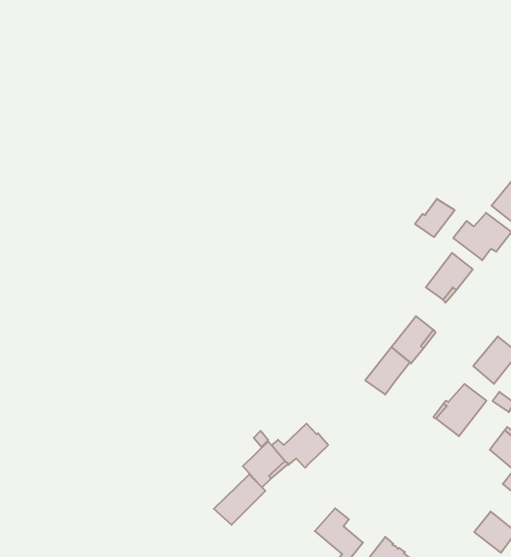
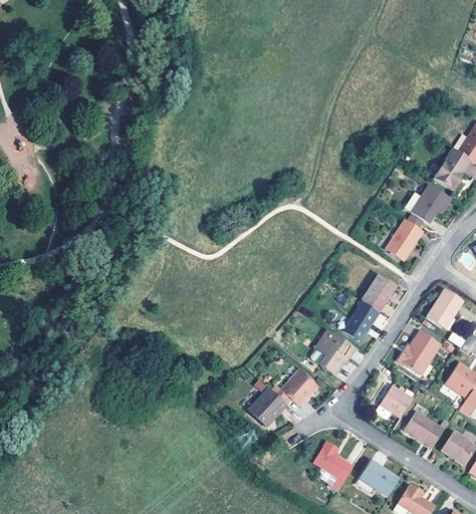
building: [415,199,455,237] -> none
building: none -> [309,332,352,375]
building: none -> [374,378,414,415]
building: [214,474,265,525] -> none
building: none -> [404,410,444,446]

